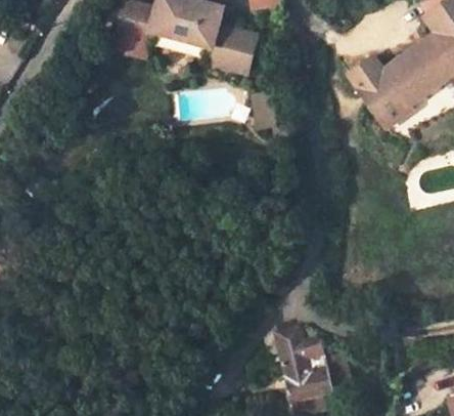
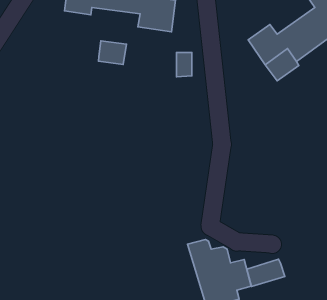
building: none -> [99,41,126,64]
building: none -> [247,259,285,287]

